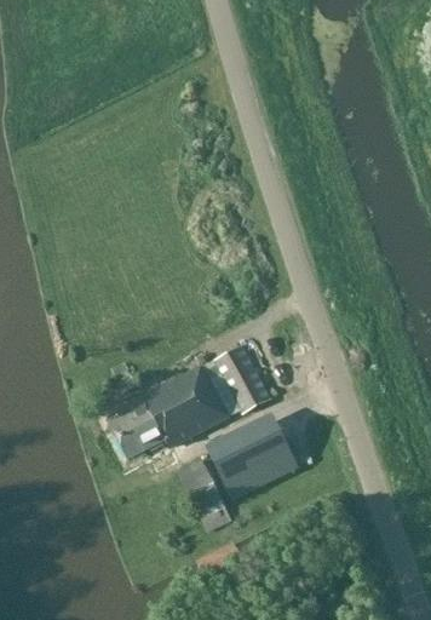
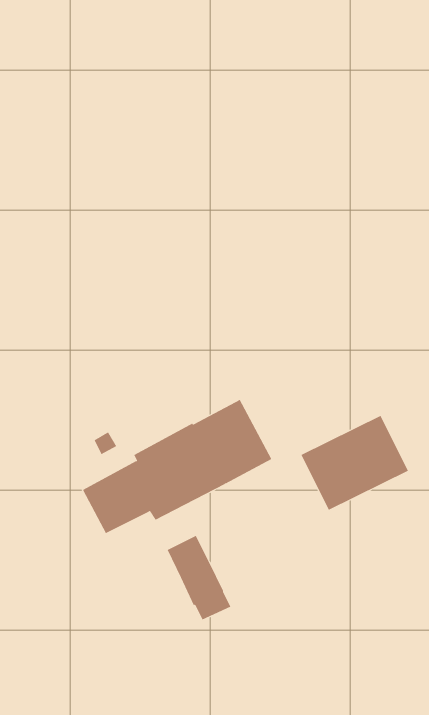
building: [209,419,299,498] -> [301,415,409,510]

